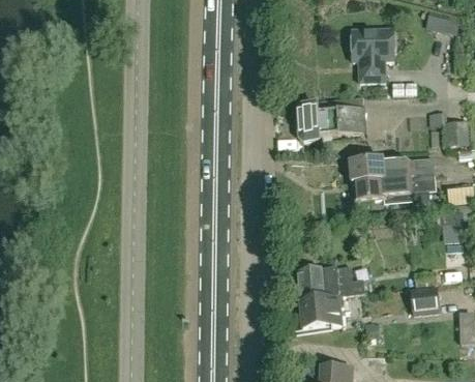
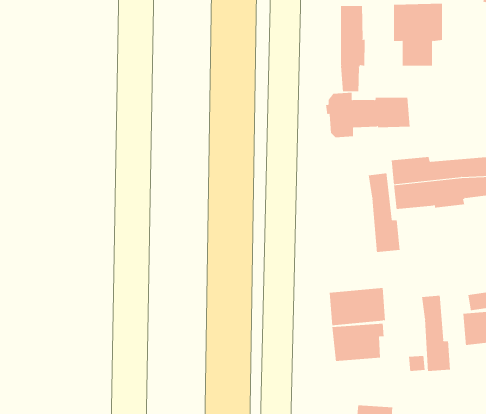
building: none -> [341,5,365,92]
building: none -> [368,172,400,253]
building: none -> [422,295,451,372]

